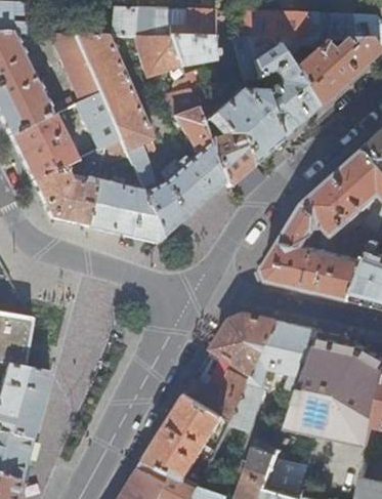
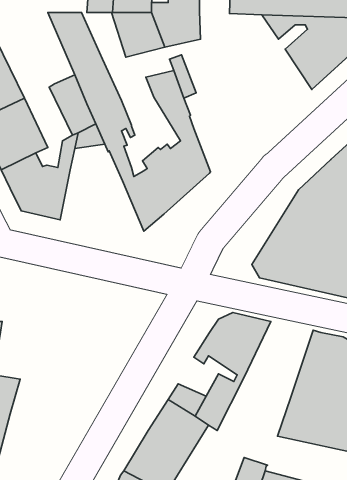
building: [45,35,100,101] -> none
building: [208,35,319,188] -> none
building: [87,175,164,242] -> none
building: [229,320,320,432] -> none

